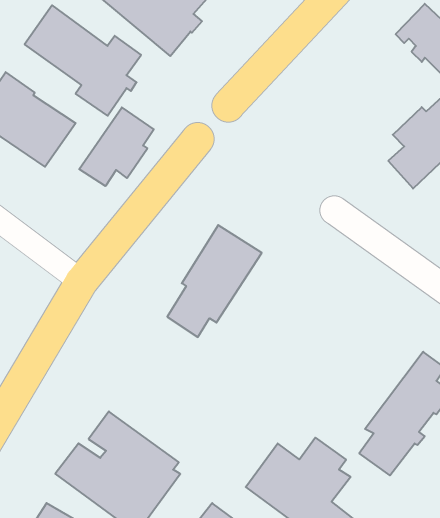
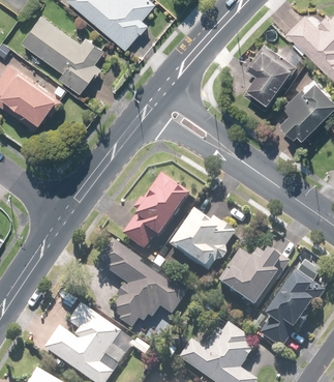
building: none -> [244,43,298,110]
building: [79,107,154,186] -> none
building: none -> [168,209,235,273]
building: none -> [102,244,186,330]
building: none -> [216,249,281,308]

